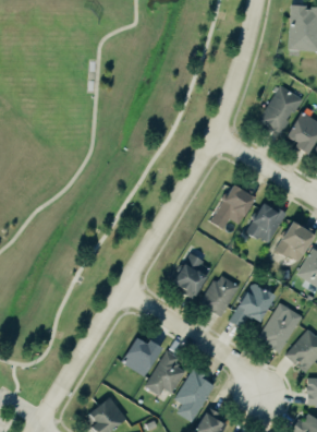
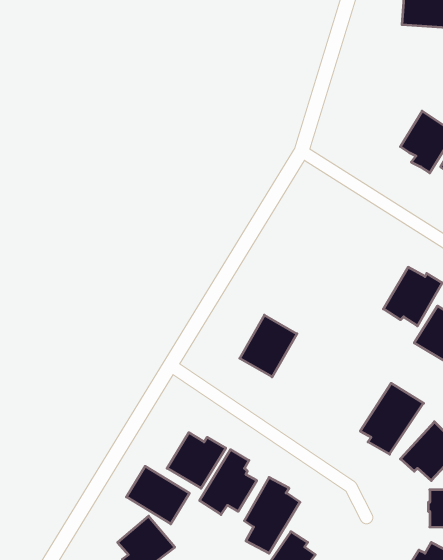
building: [257,84,302,133] -> none
building: [215,183,256,224] -> none
building: [244,202,285,242] -> none
building: [198,275,239,316] -> none
building: [231,283,276,327] -> none
building: none -> [126,466,189,524]

